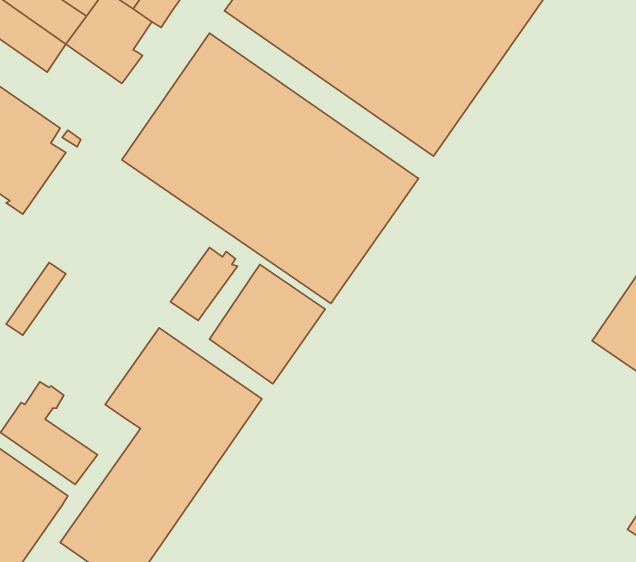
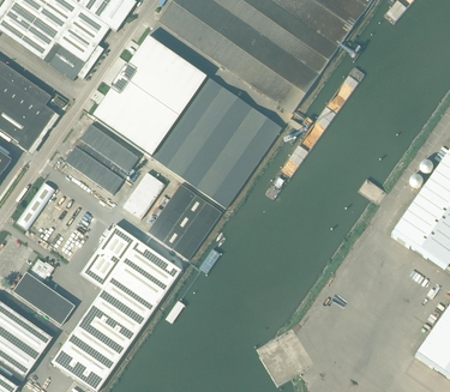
building: none -> [43,41,91,79]
building: none -> [65,122,139,194]

